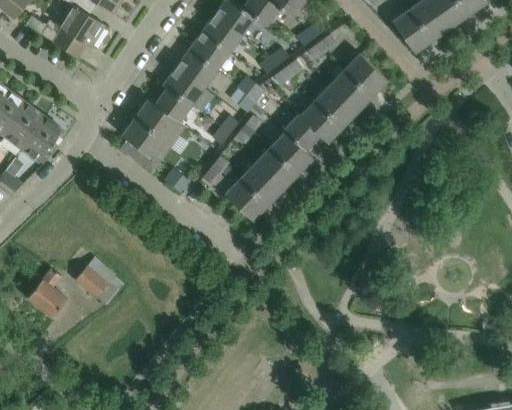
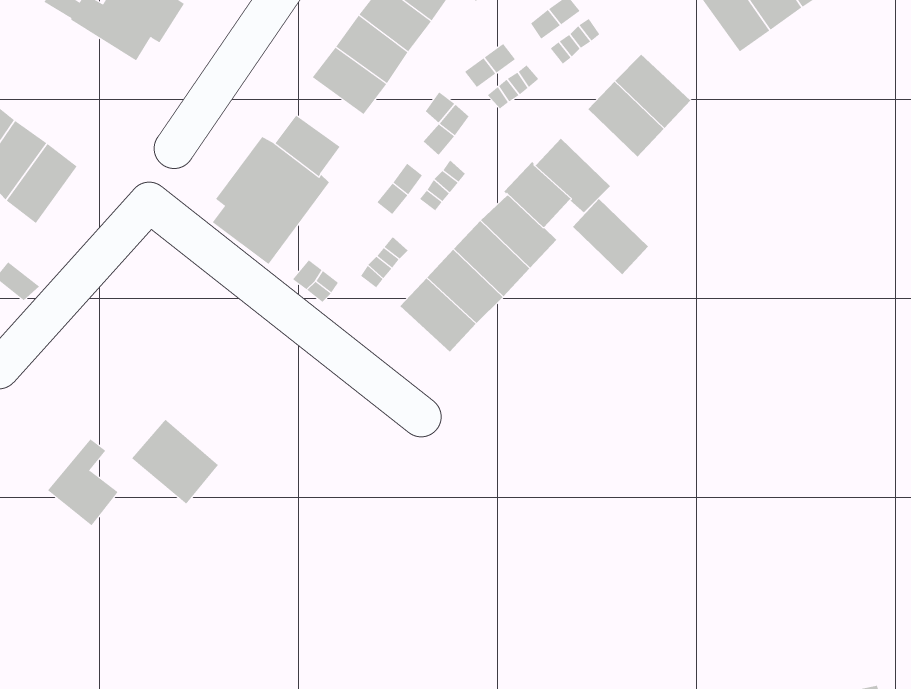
building: [162,67,204,106] -> none
building: [314,85,357,128] -> [572,198,649,275]
building: [21,117,62,162] -> none

